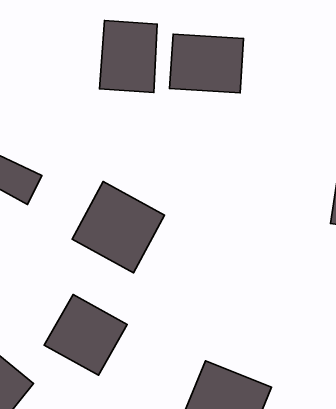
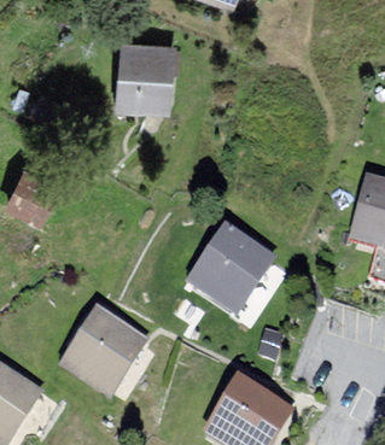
building: [169,34,244,93] -> none
building: [72,182,165,273] -> [183,223,276,315]

